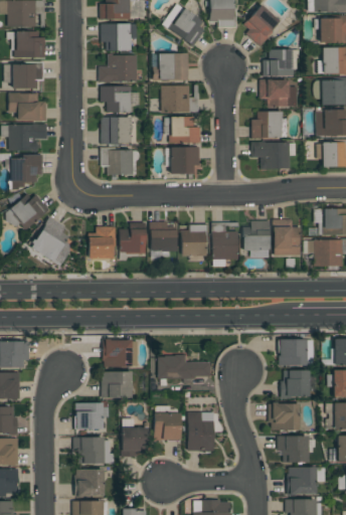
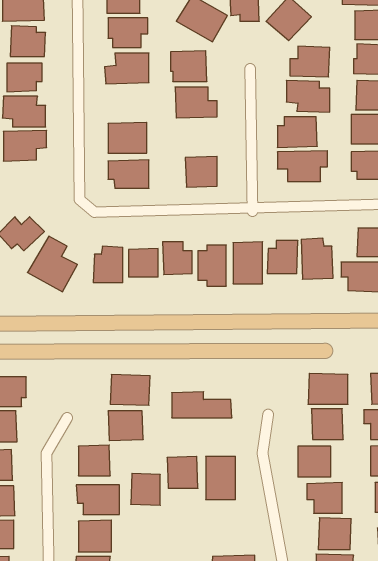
building: [101,87,137,113] -> none
building: [170,117,200,144] -> none
building: [11,155,41,183] -> none

